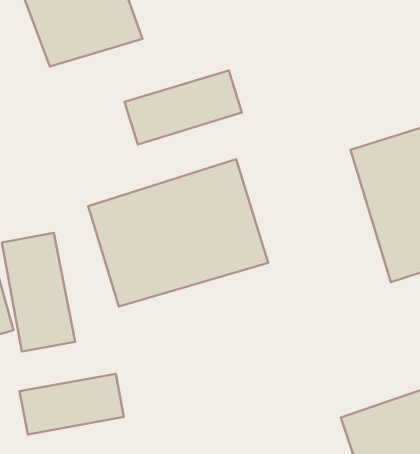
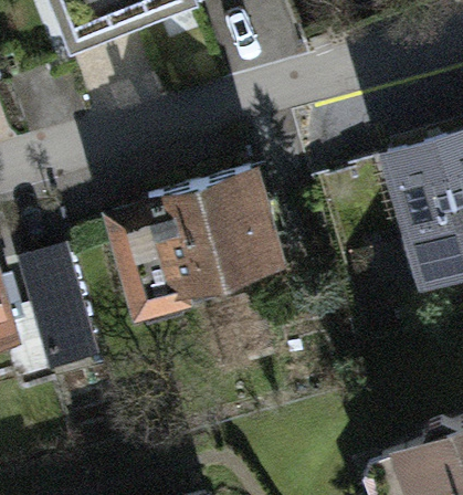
building: [124,70,242,145] -> none
building: [20,374,124,435] -> none

